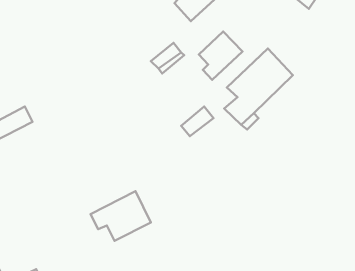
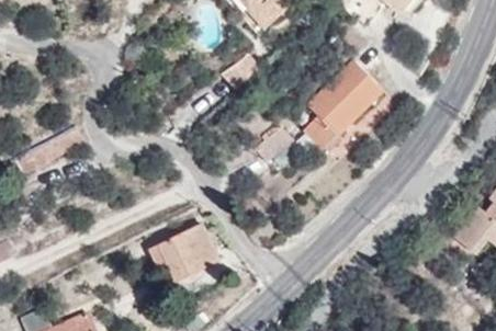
building: [199,32,243,80] -> none

